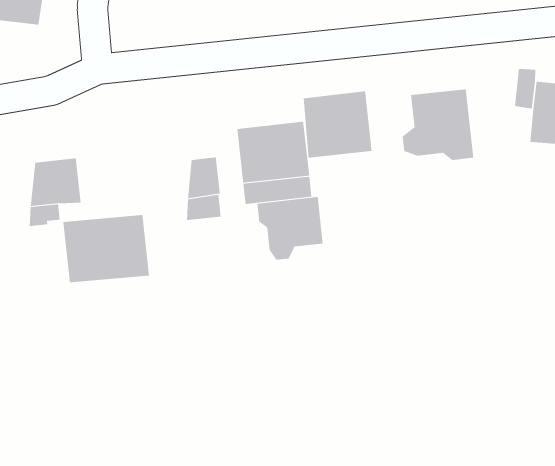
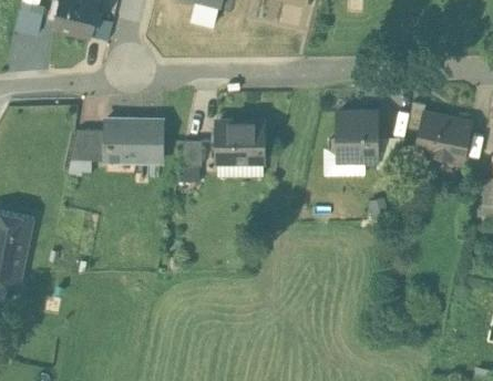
building: [303,91,372,158] -> none
building: [257,196,323,260] -> none
building: [62,215,150,283] -> [106,120,162,163]

